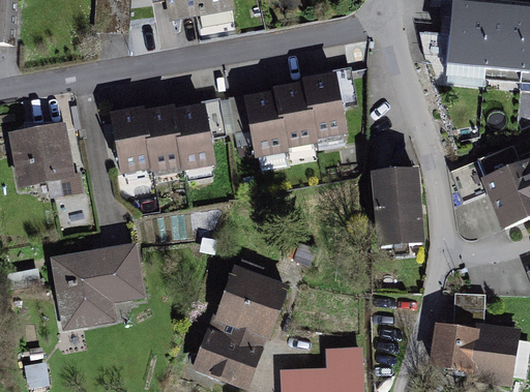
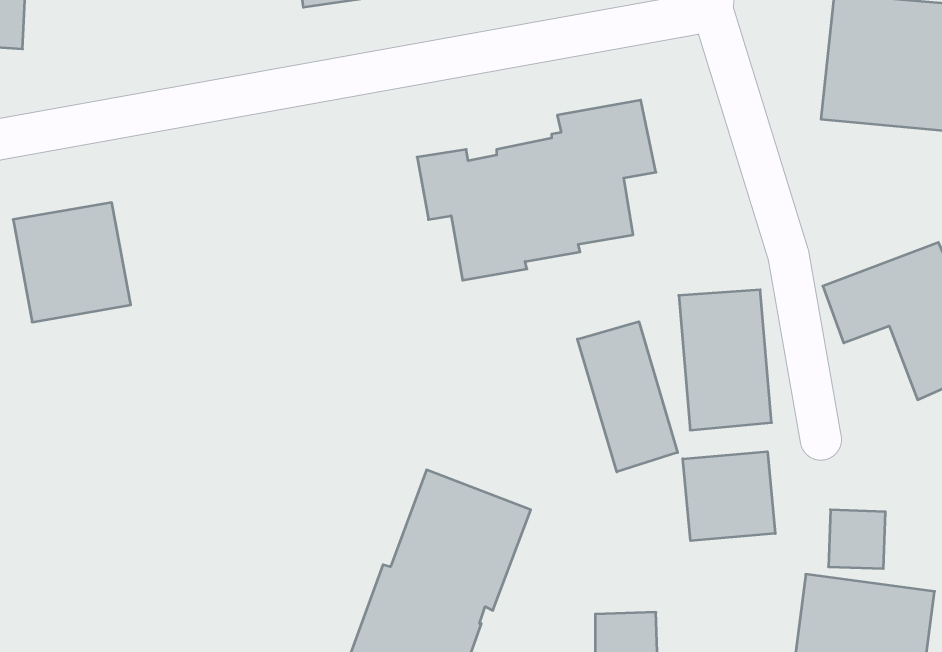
building: [109,96,227,179] -> none
building: none -> [577,322,678,472]
building: [50,240,144,325] -> none
building: none -> [683,452,775,541]

